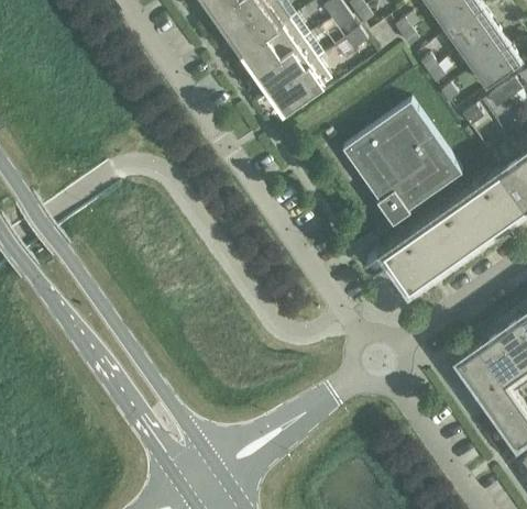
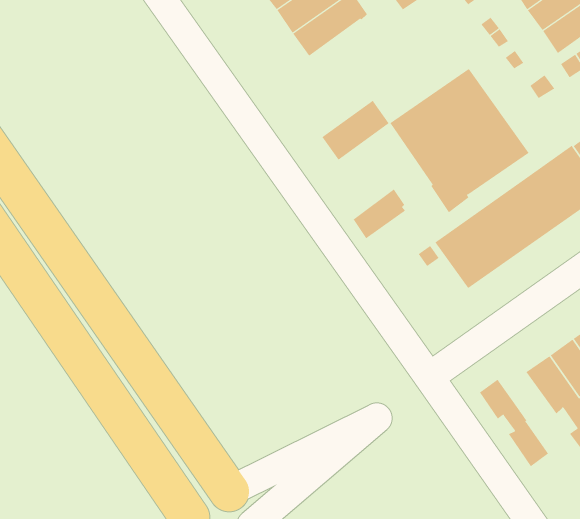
building: [274,63,332,114] -> [322,100,390,160]
building: none -> [353,188,409,239]
building: none -> [479,379,549,467]

